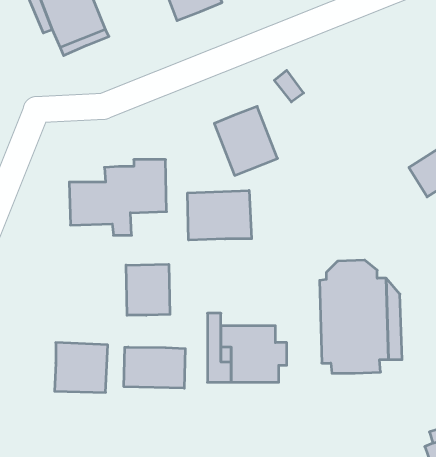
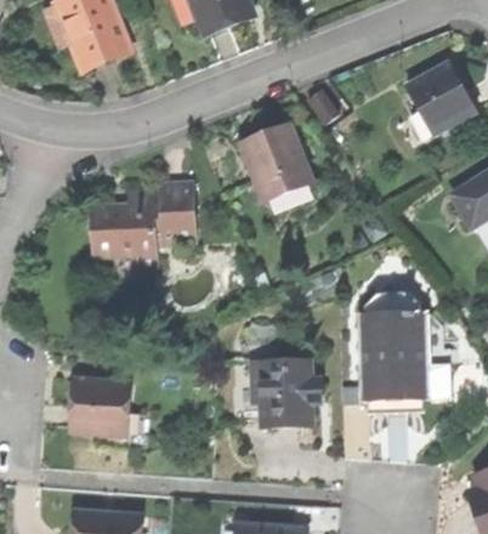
building: none -> [405,62,475,134]
building: [188,190,252,240] -> none
building: [126,264,170,315] -> none
building: [124,347,185,388] -> none

